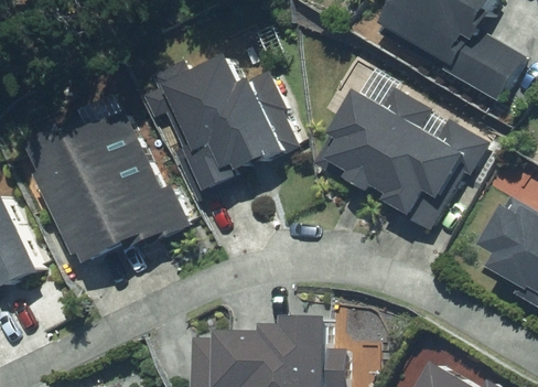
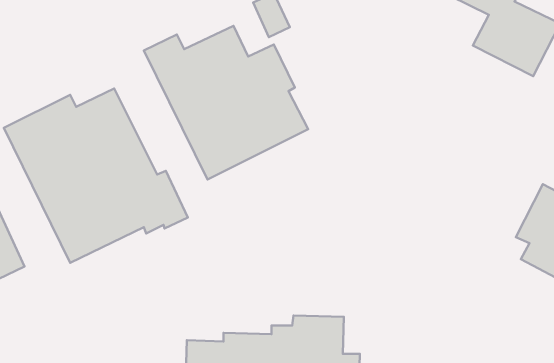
building: [326,67,480,229] -> none

